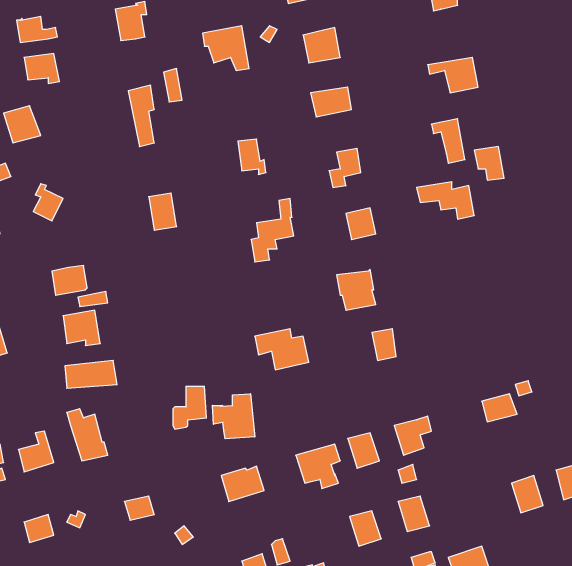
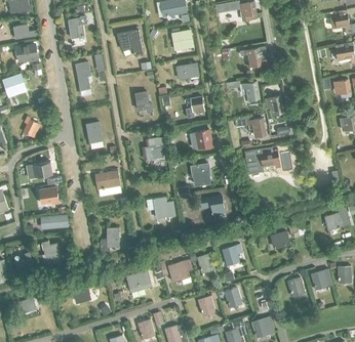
building: none -> [244,147,280,175]
building: none -> [94,170,121,190]
building: [212,394,255,439] -> none

